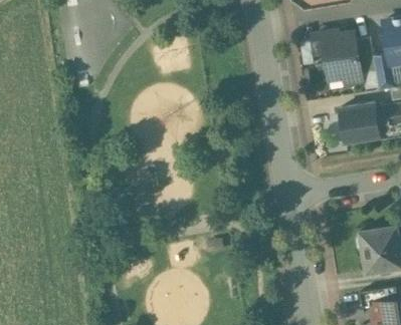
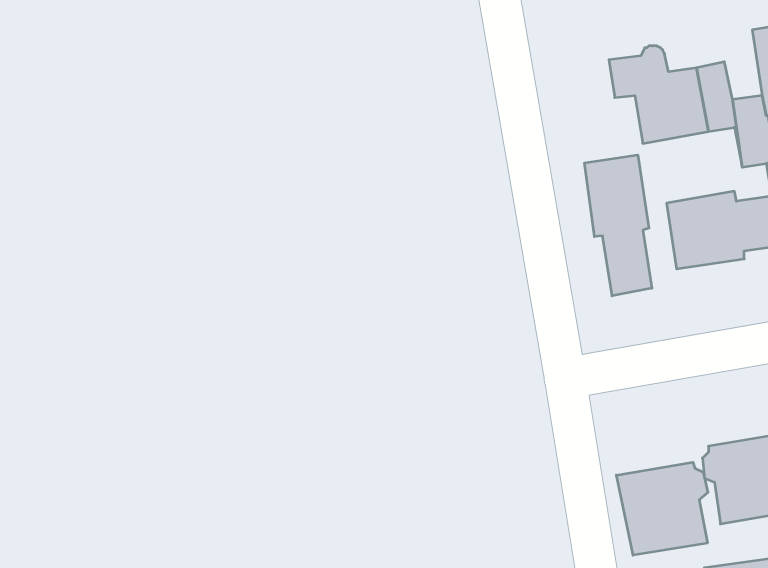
building: none -> [585,155,652,296]
building: none -> [616,462,708,555]

